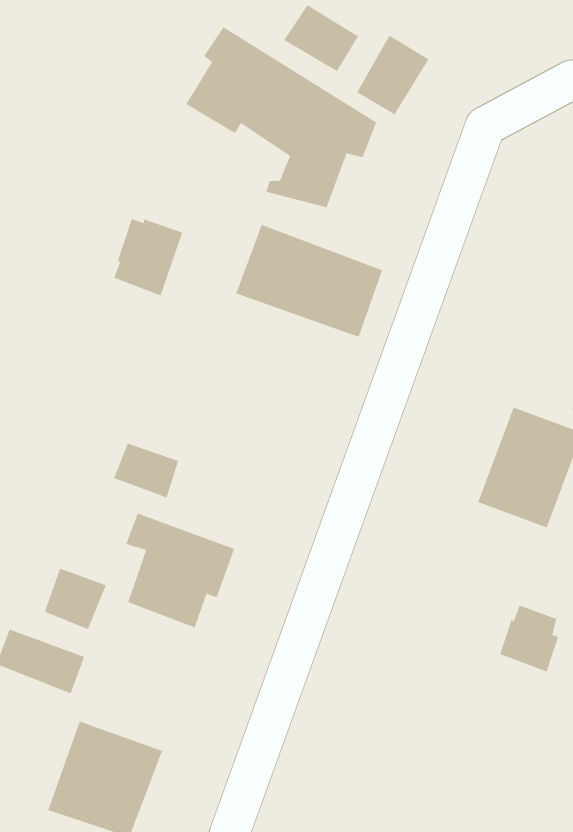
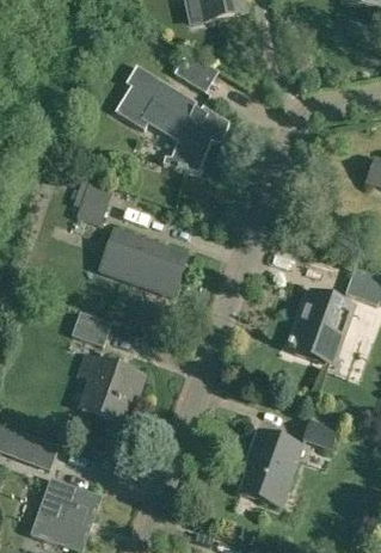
building: [356,34,430,116] -> none
building: [235,224,383,338] -> [99,228,188,296]
building: [44,567,107,630] -> none
building: none -> [240,430,302,506]

